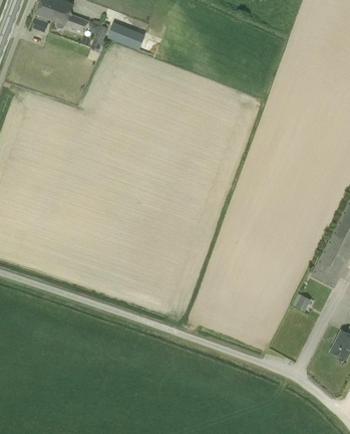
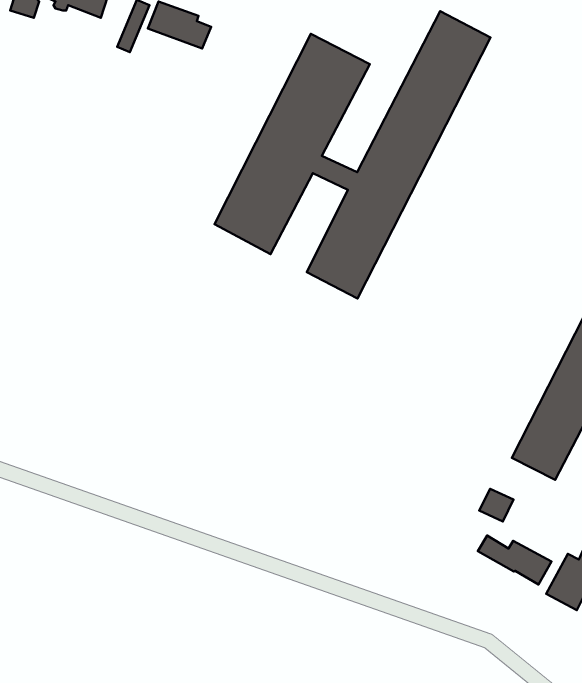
building: none -> [215,11,490,298]
building: none -> [478,535,552,584]

